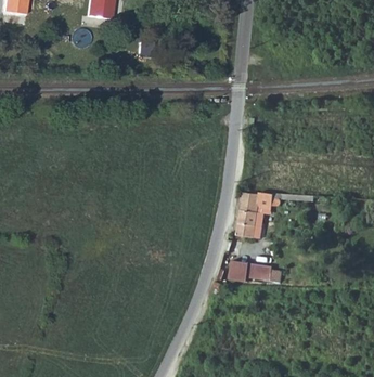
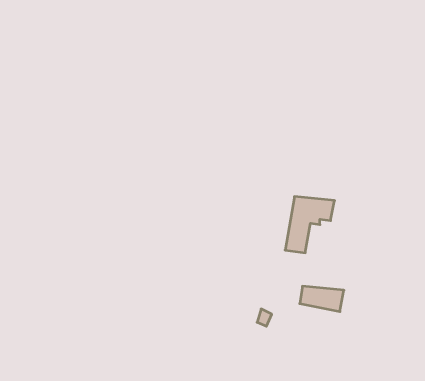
building: [228,262,252,284] -> none

